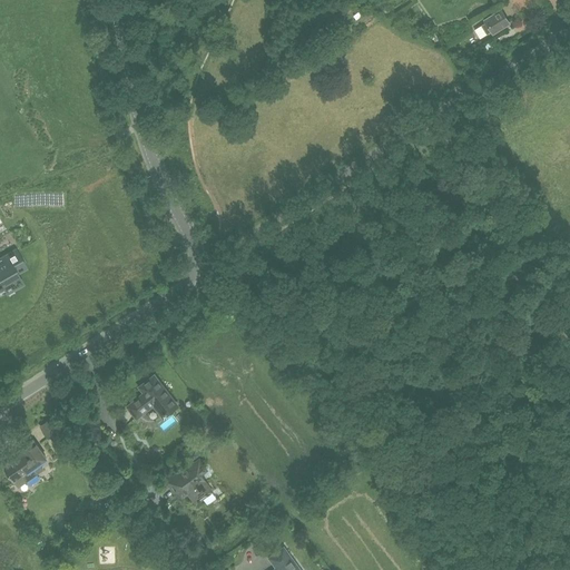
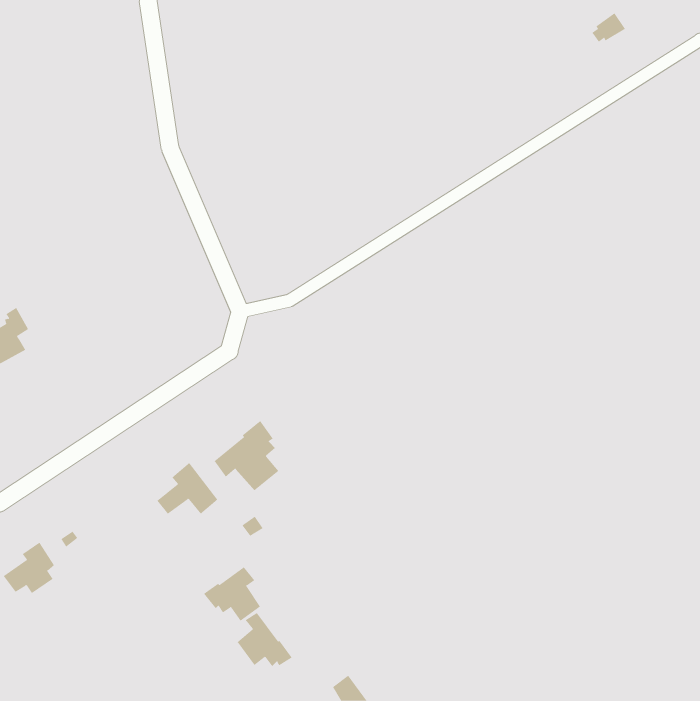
building: none -> [214,420,279,491]
building: none -> [237,612,293,667]

